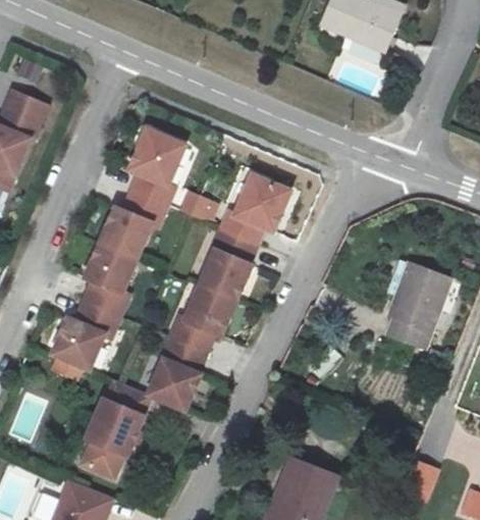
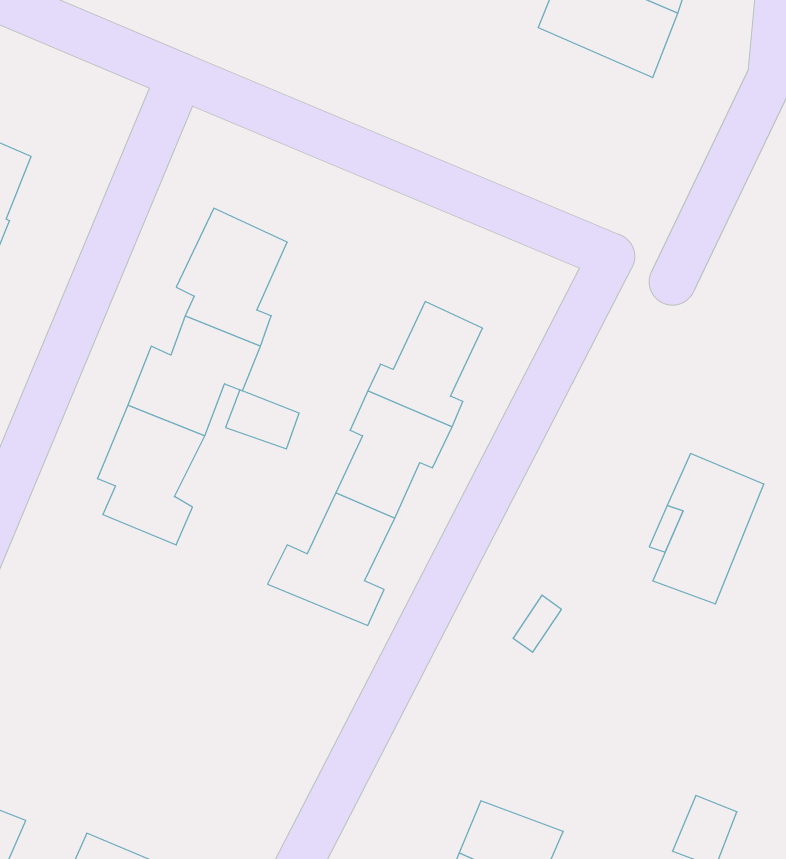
building: [177,190,219,223] -> [226,390,299,449]
building: [41,300,119,384] -> none
building: [158,340,228,414] -> none
building: [77,380,152,481] -> none

